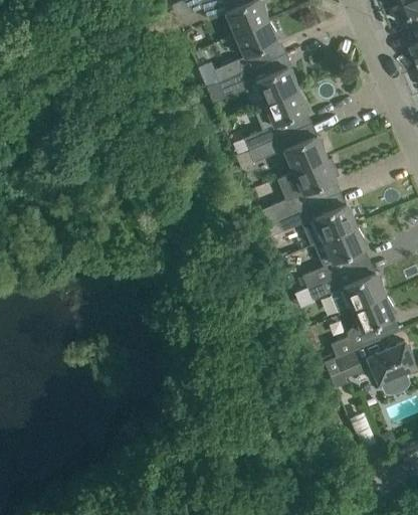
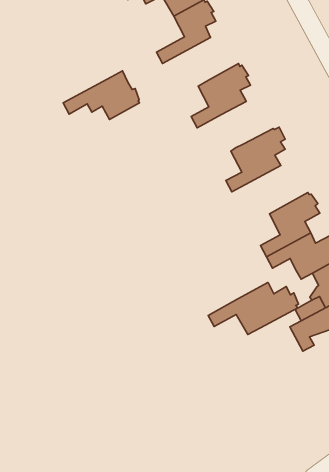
building: [219,55,296,104] -> [63,71,139,119]
building: [248,129,327,172] -> none
building: [277,197,356,246] -> none
building: none -> [208,283,298,335]

